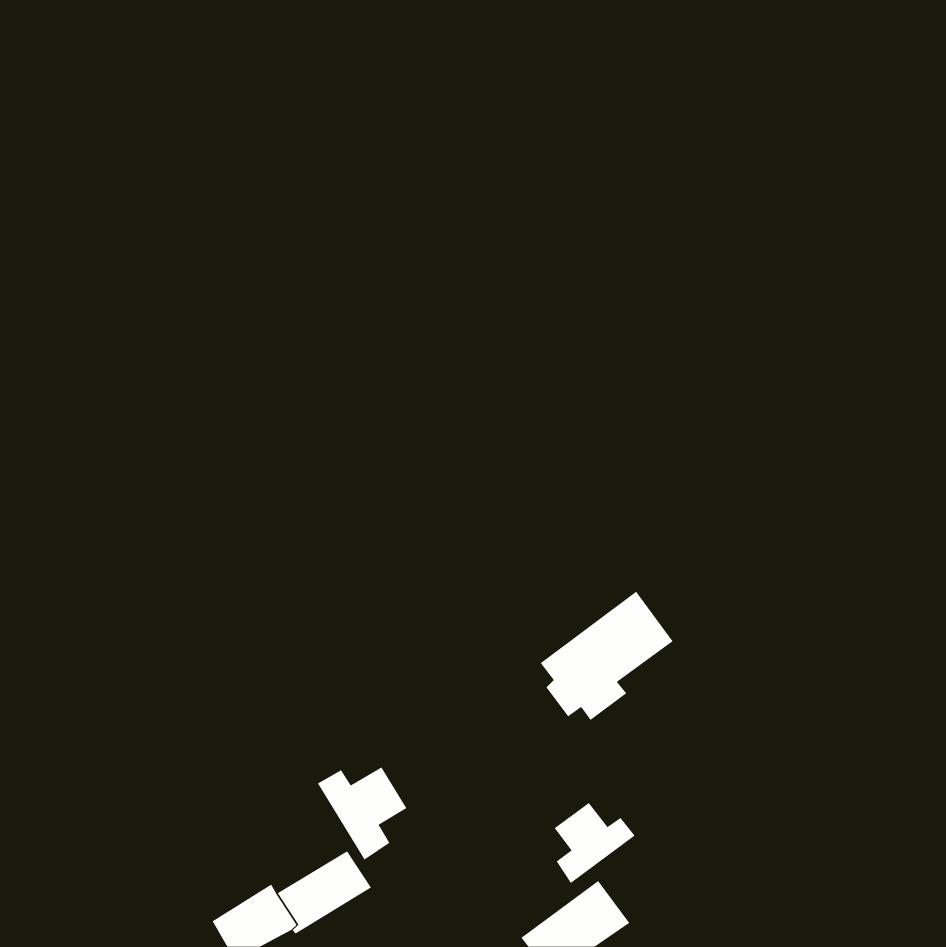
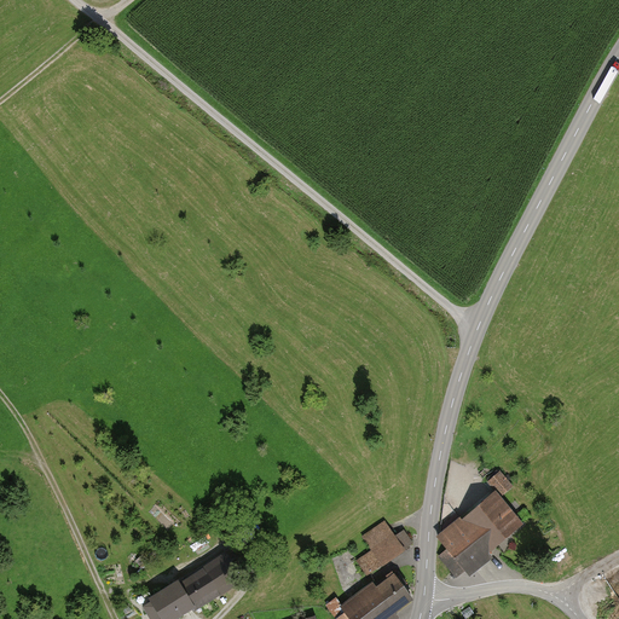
building: [540,591,674,721] -> [435,492,522,577]
building: [317,767,407,861] -> none

